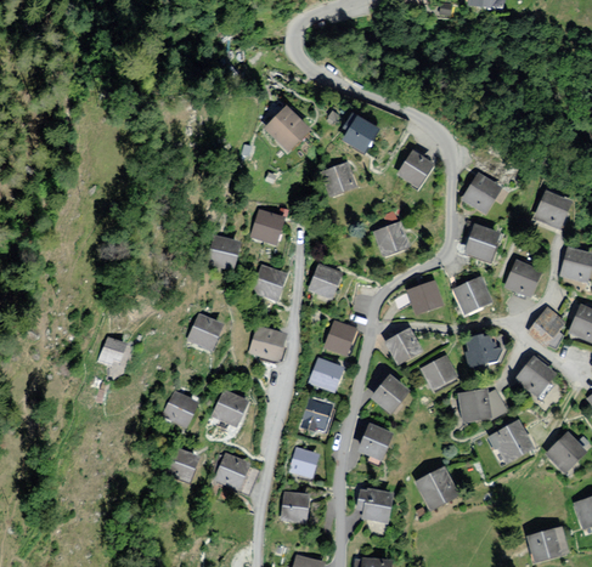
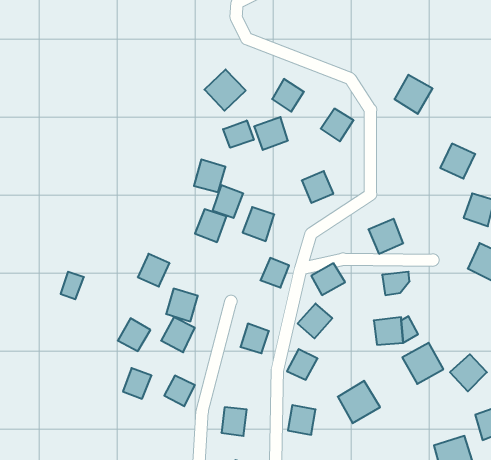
building: none -> [223,120,254,148]
building: [461,170,504,215] -> [394,75,433,114]
building: [461,223,500,263] -> none
building: [205,232,241,270] -> [213,185,243,218]
building: [504,260,543,300] -> none
building: [408,280,441,312] -> none
building: [525,306,566,346] -> none
building: [249,324,286,362] -> [166,289,198,321]
building: [422,355,458,389] -> none
building: [517,356,559,398] -> none
building: [314,358,345,390] -> none
building: [291,443,322,480] -> none

